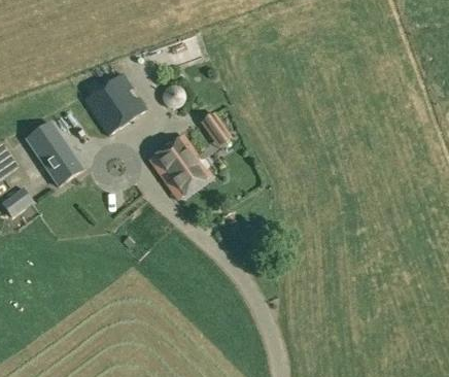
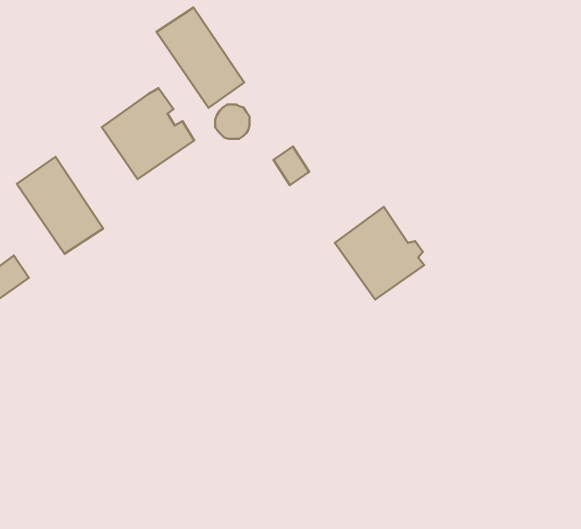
building: none -> [156,7,244,108]
building: [149,135,211,199] -> [335,207,424,299]

